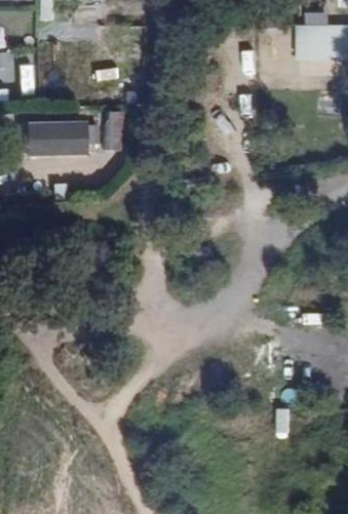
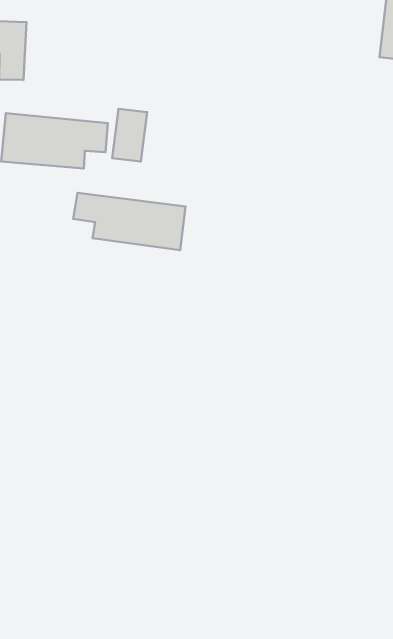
building: none -> [73,193,186,250]

